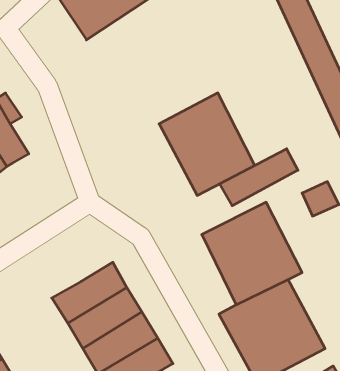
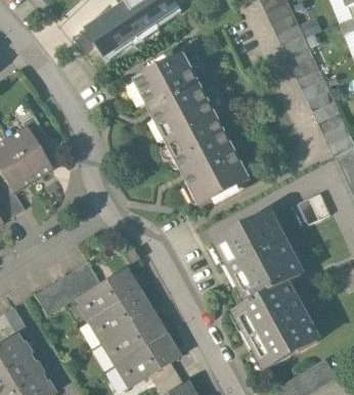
building: none -> [134,49,221,141]
building: [220,149,298,206] -> none
building: none -> [34,261,99,313]

